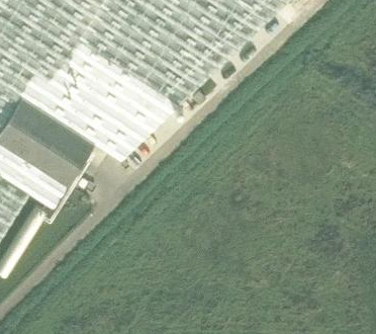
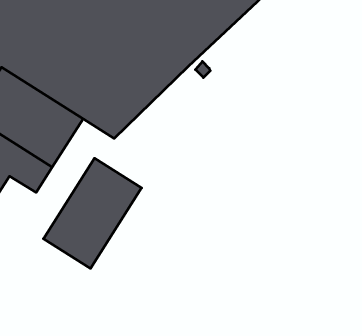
building: none -> [43,158,142,268]

